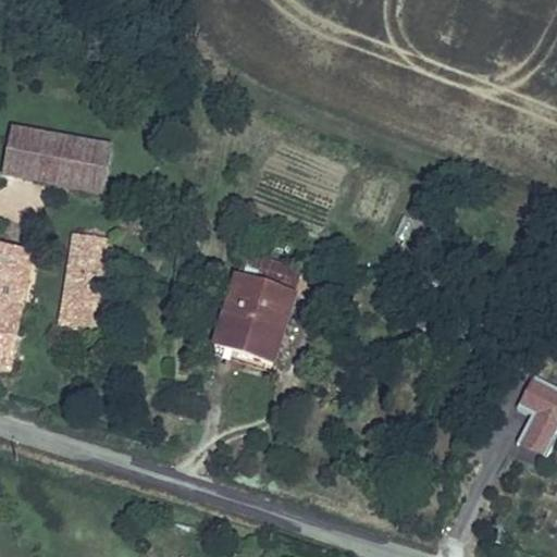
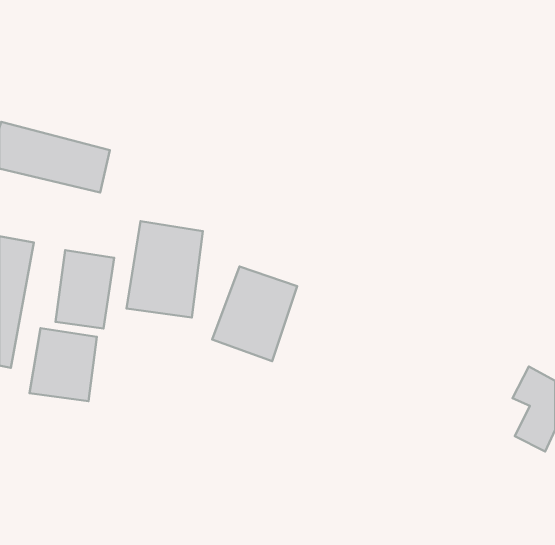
building: none -> [126,221,203,317]
building: none -> [30,328,97,401]

